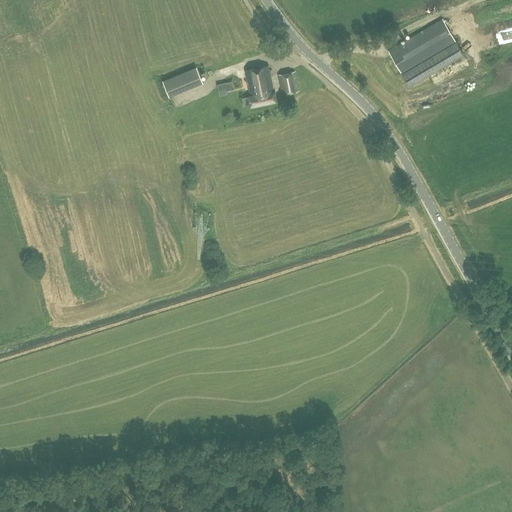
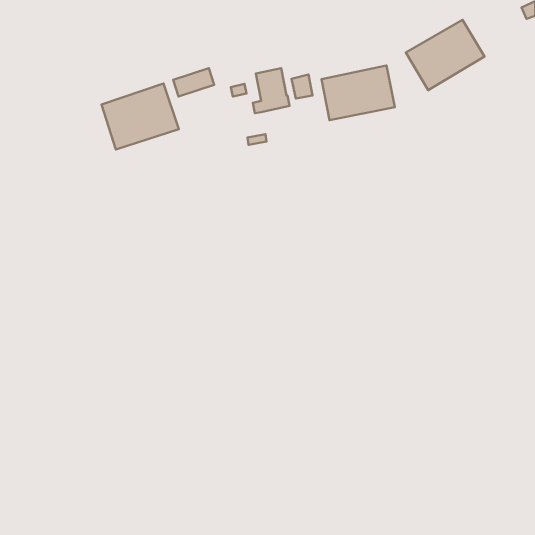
building: none -> [321,65,395,120]
building: none -> [101,83,179,149]

